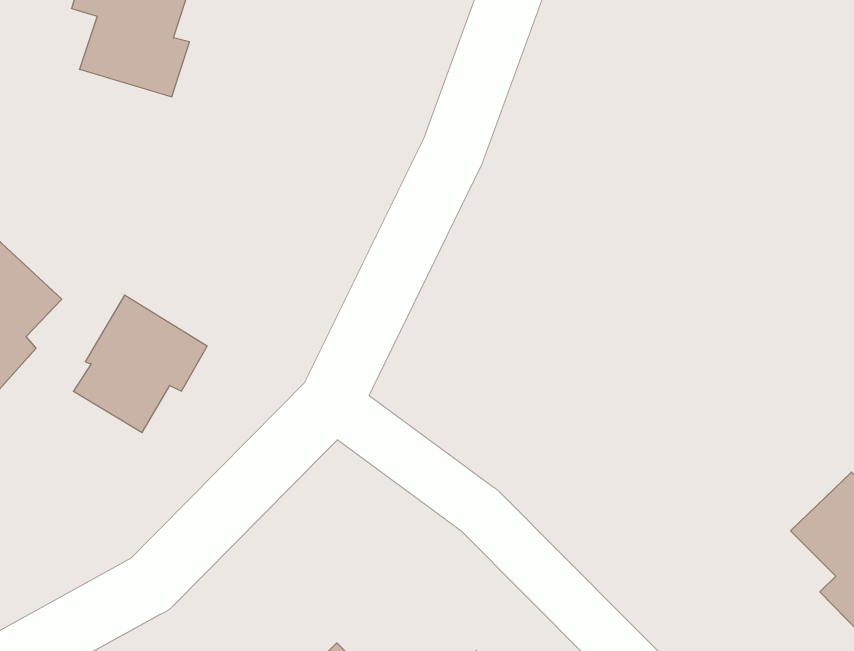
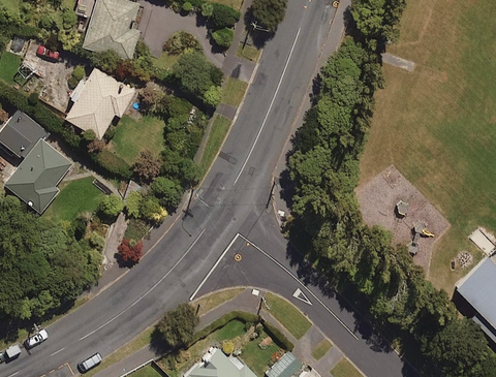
building: [73,295,207,433] -> [64,65,134,137]

